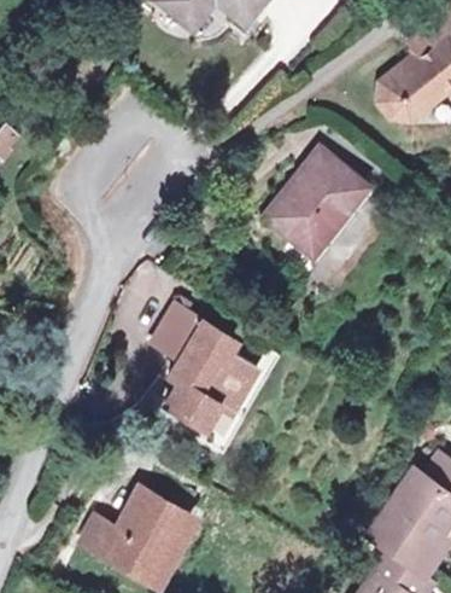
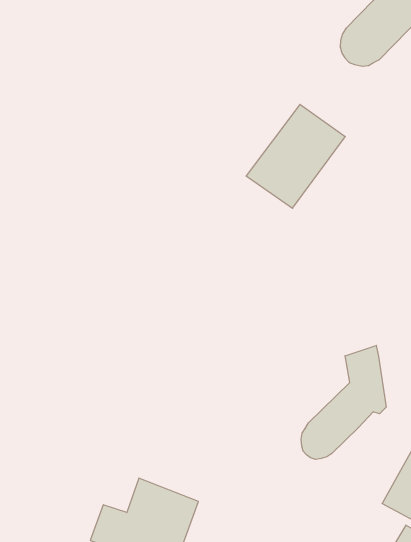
building: [153,308,264,424] -> none
building: none -> [301,345,386,459]

